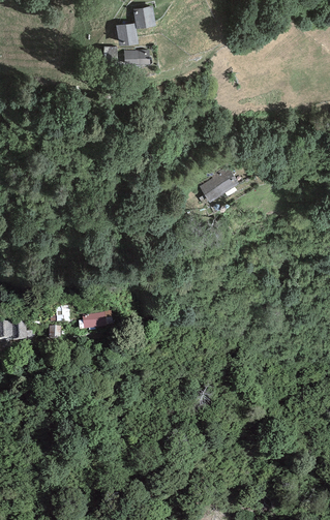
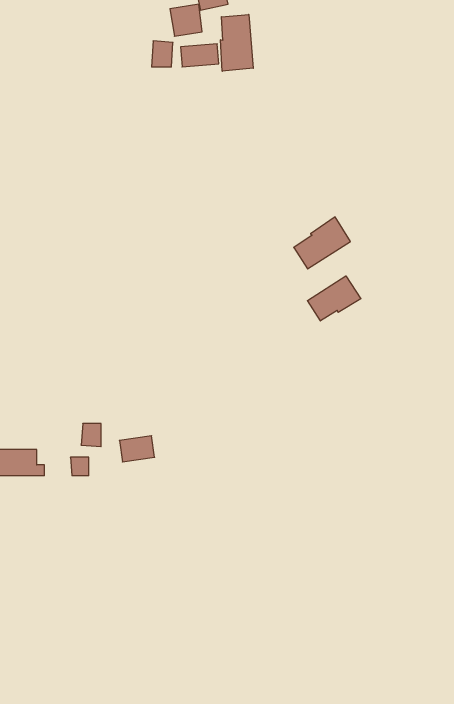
building: none -> [221,14,253,71]
building: none -> [307,276,361,321]

